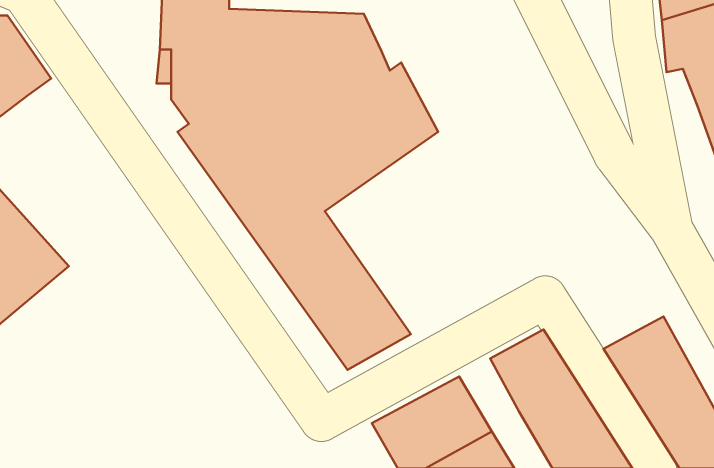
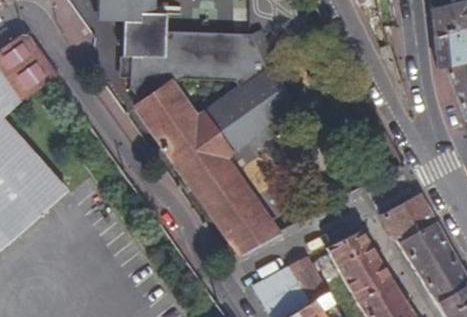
building: none -> [381,195,434,241]

